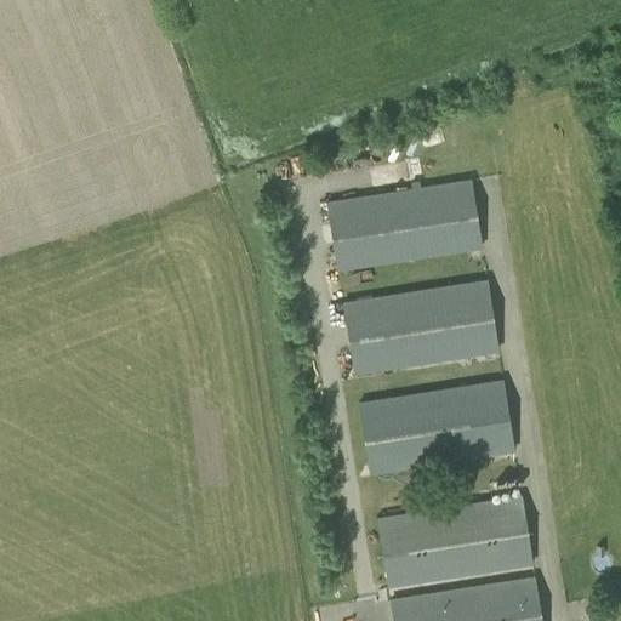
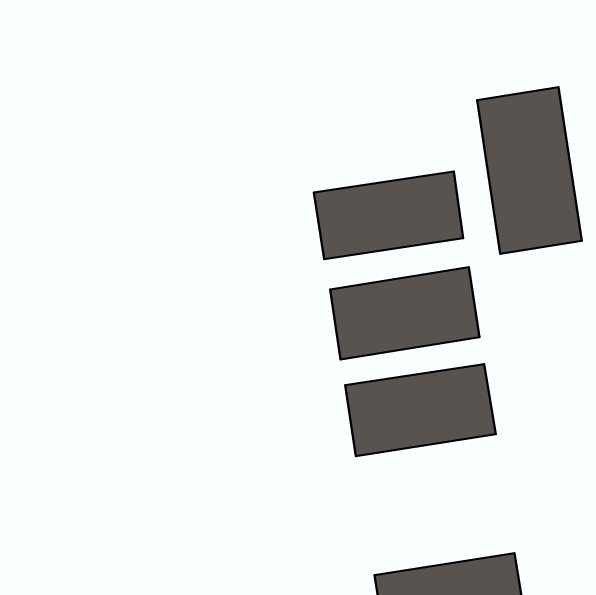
building: none -> [477,87,582,254]
building: [376,495,532,588] -> none

